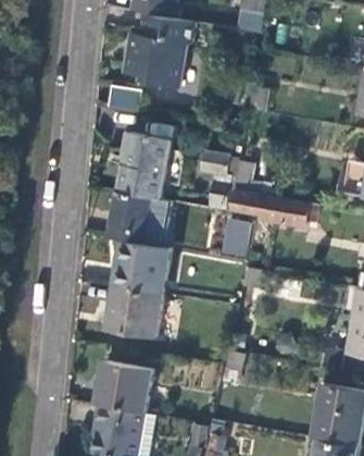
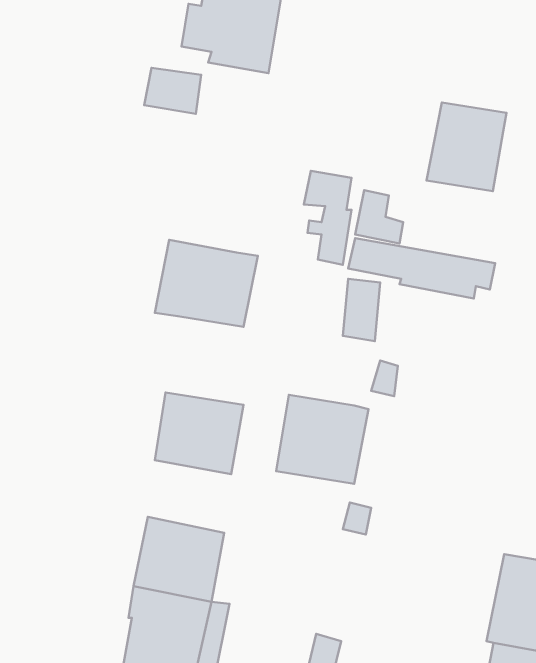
building: none -> [426,102,507,191]
building: [117,132,183,199] -> none
building: [115,238,172,293] -> [276,395,368,484]

